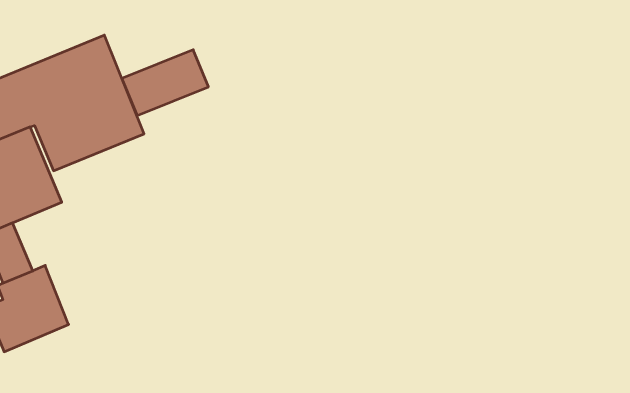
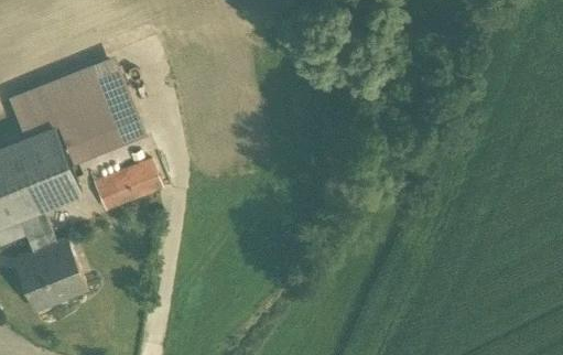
building: [122,50,208,116] -> [91,159,161,212]

